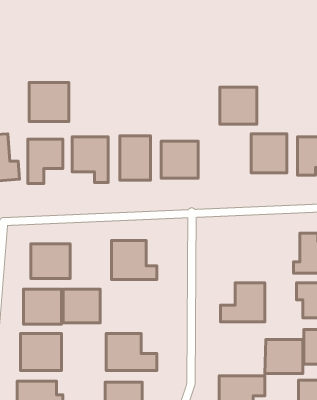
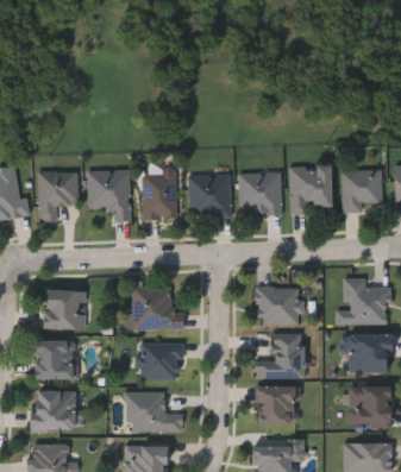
building: [29,83,69,121] -> none
building: [220,87,257,124] -> [240,172,282,214]
building: none -> [257,287,301,323]
building: [63,289,100,323] -> [140,342,182,380]
building: [265,340,303,373] -> [256,386,299,424]

